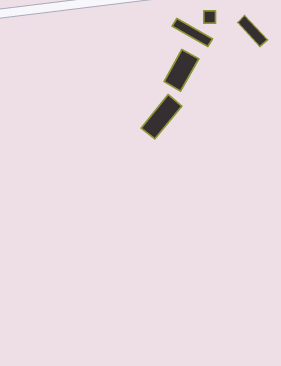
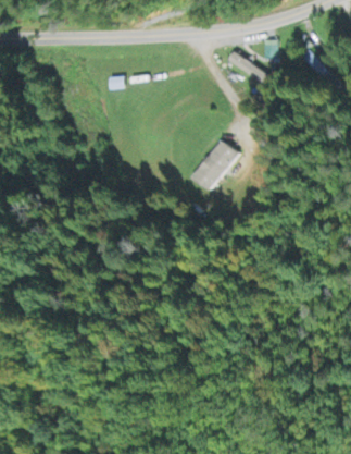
building: [164,50,199,91] -> none

